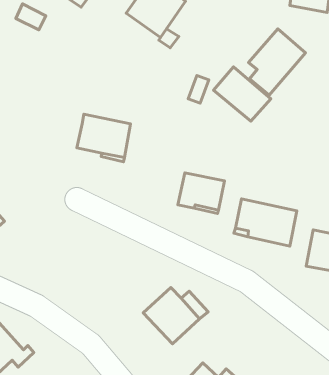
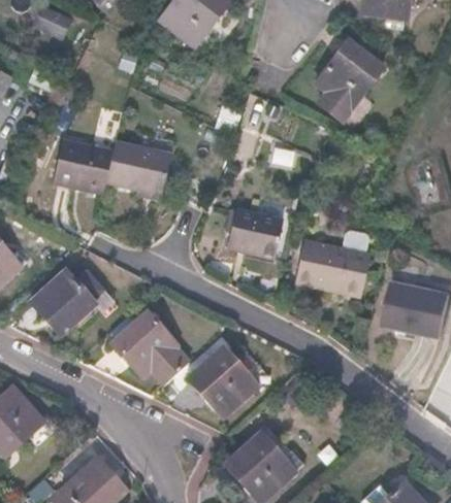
building: [213,67,271,121] -> none
building: none -> [54,140,112,193]
building: none -> [30,268,102,334]
building: none -> [112,309,188,384]

